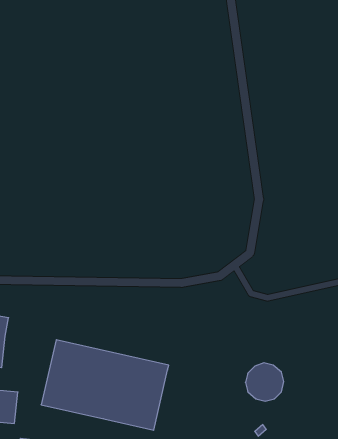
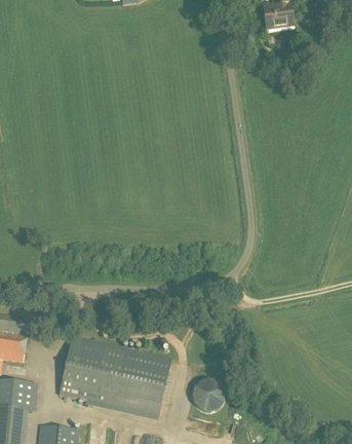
building: [245,363,284,401] -> [191,377,225,411]

